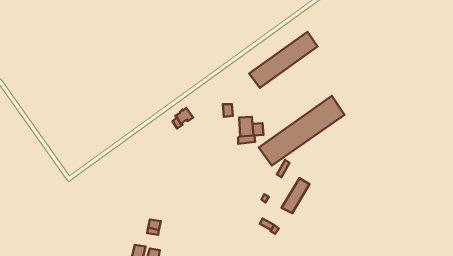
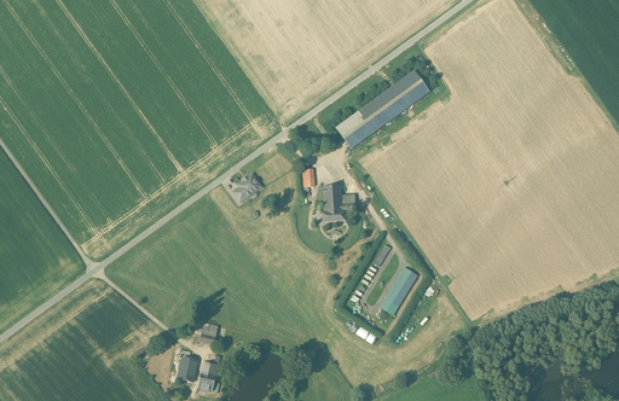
building: [259,96,344,165] -> none

